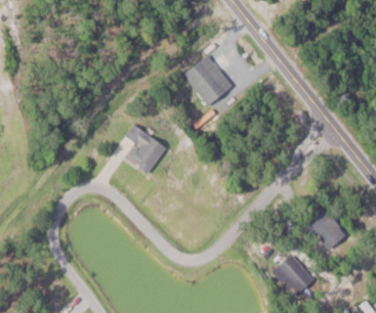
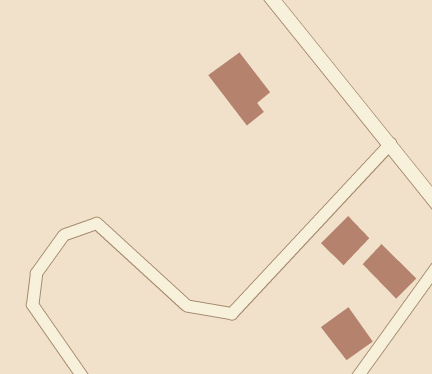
building: [124,124,165,172] -> none
building: none -> [320,215,370,266]

